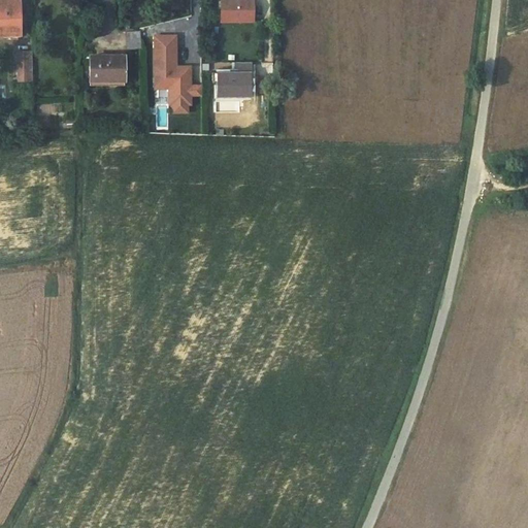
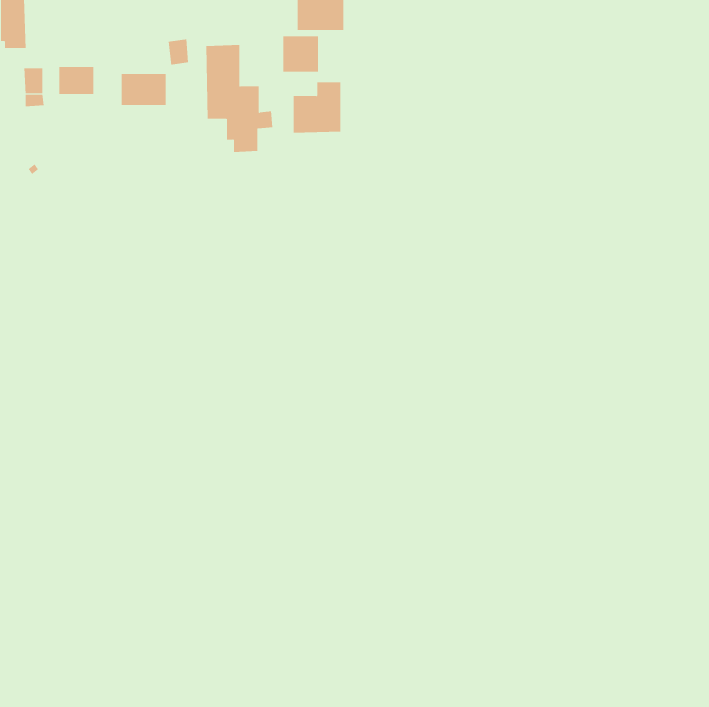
building: none -> [283,35,318,72]
building: none -> [59,66,94,95]

